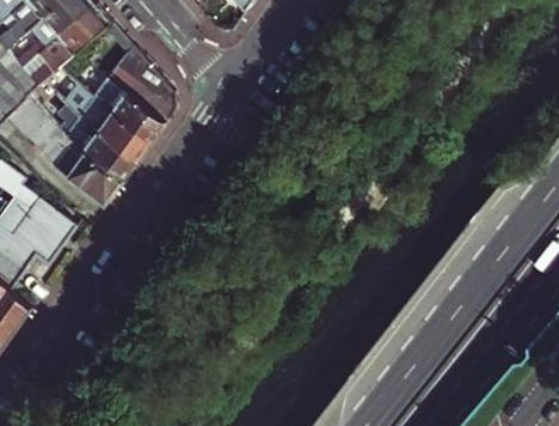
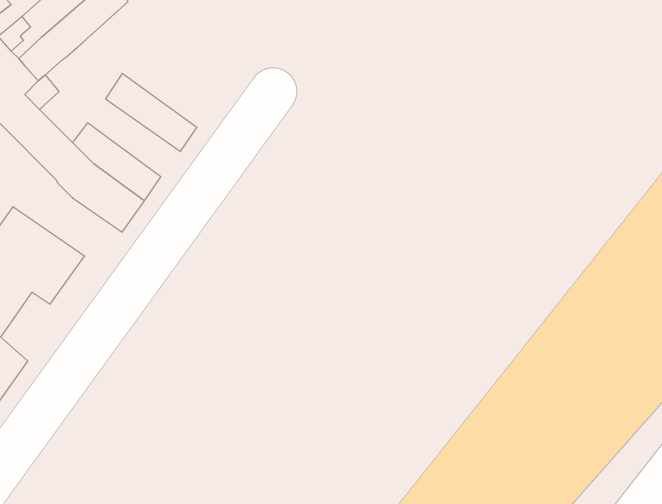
building: [104,43,172,121] -> none
building: [76,98,150,160] -> none

